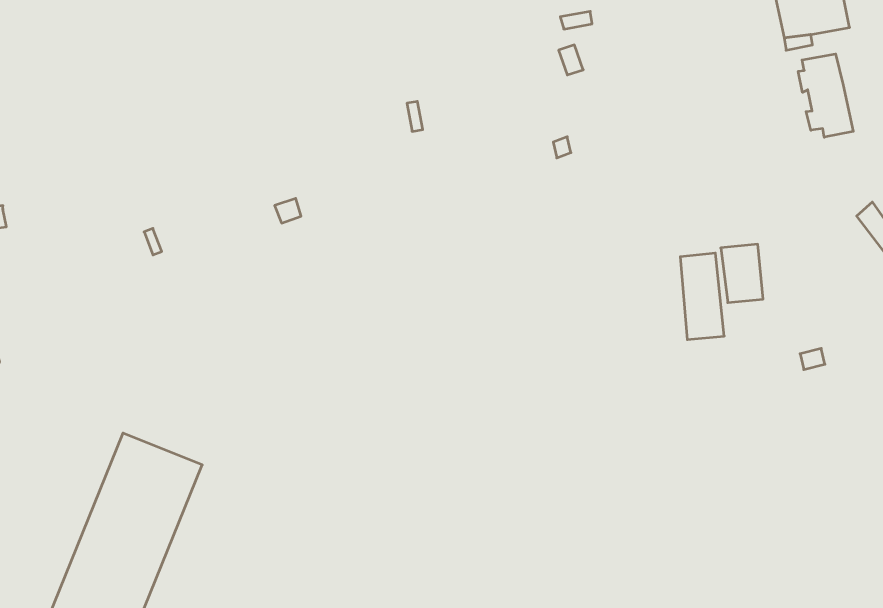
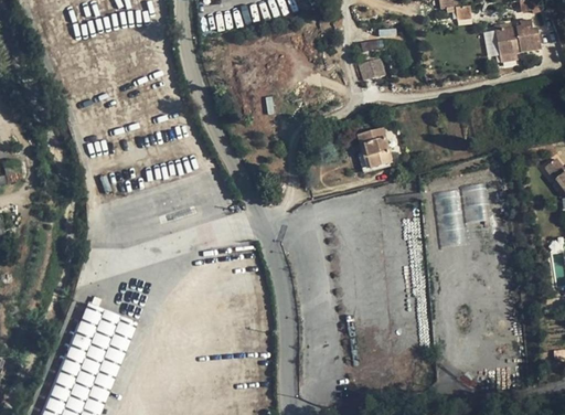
building: [798,54,853,137] -> none
building: none -> [358,129,392,171]

